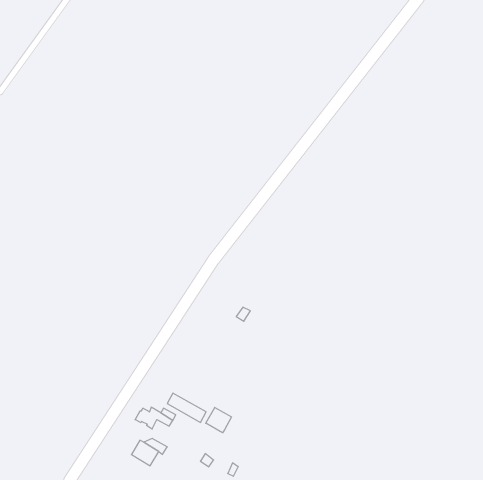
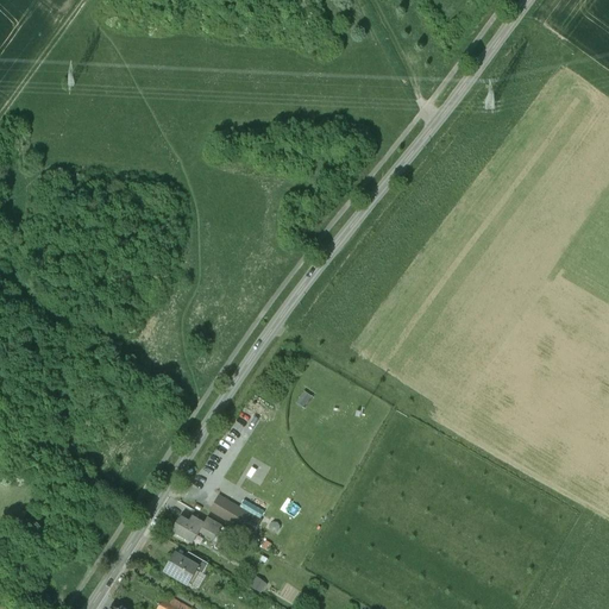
building: [206,407,231,433] -> none

